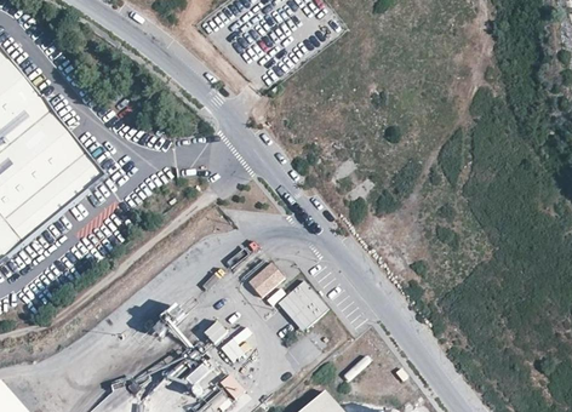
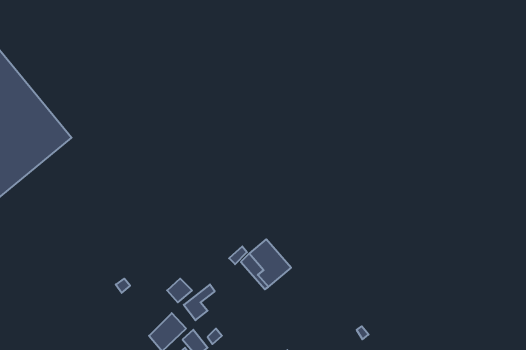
building: [248,263,282,296] -> none

